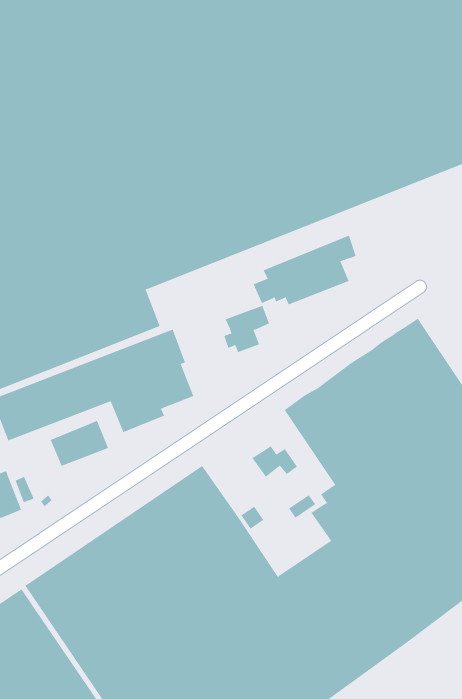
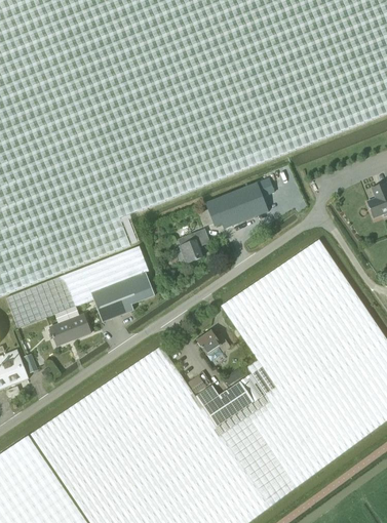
building: none -> [195,381,254,428]

